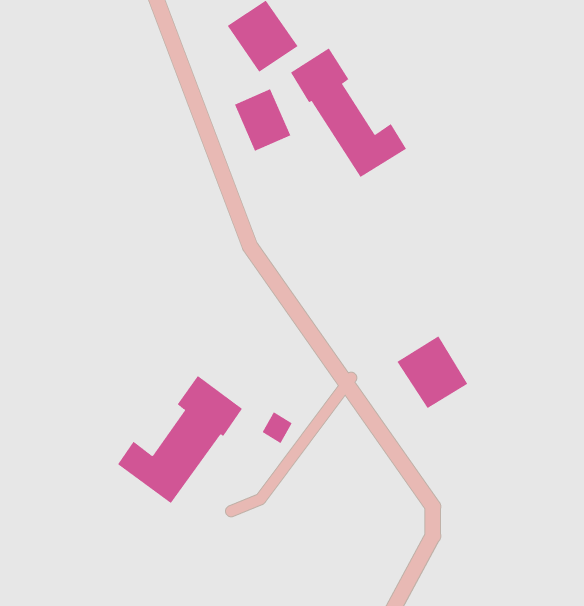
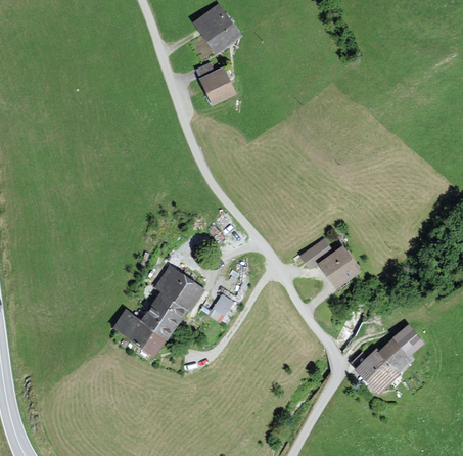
building: [290,47,407,178] -> none
building: none -> [356,325,425,393]

